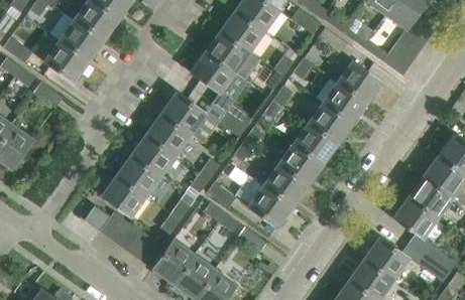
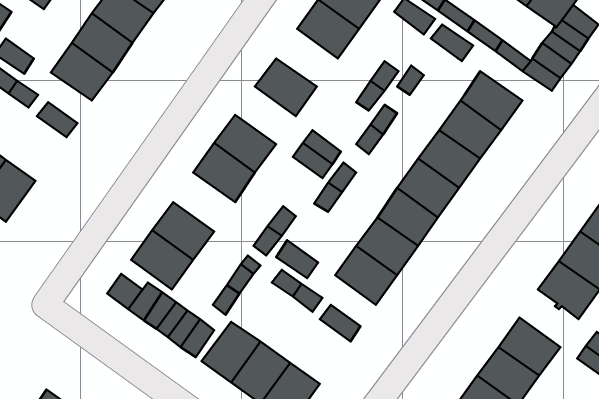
building: [206,31,250,72] -> none
building: [132,134,177,176] -> none

